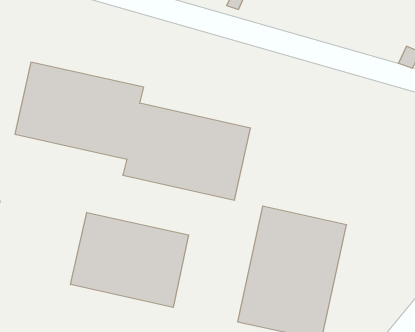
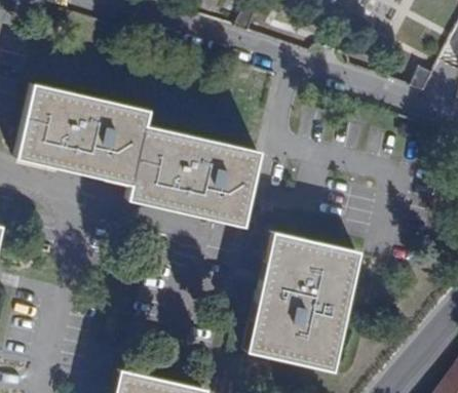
building: [71,212,189,307] -> none

